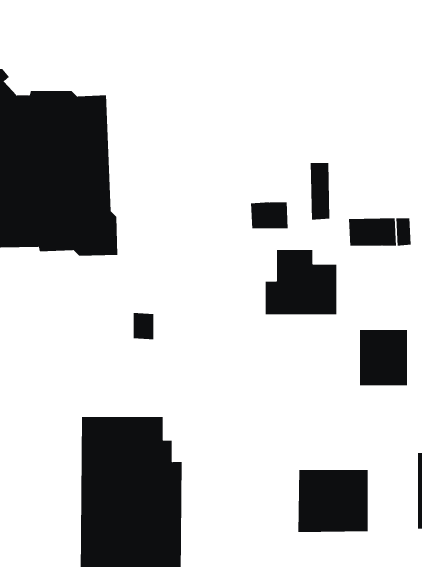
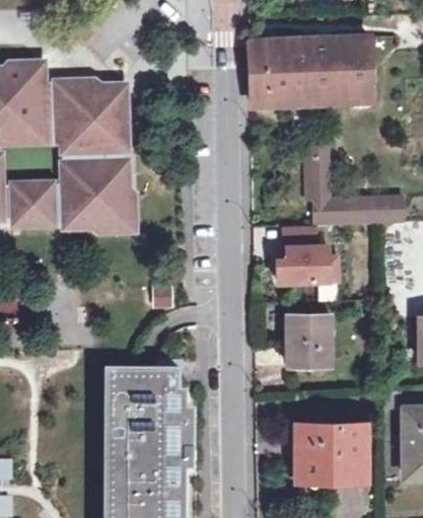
building: none -> [242,29,373,107]
building: [250,202,289,229] -> [311,199,346,223]
building: [359,329,408,386] -> [289,316,333,367]

